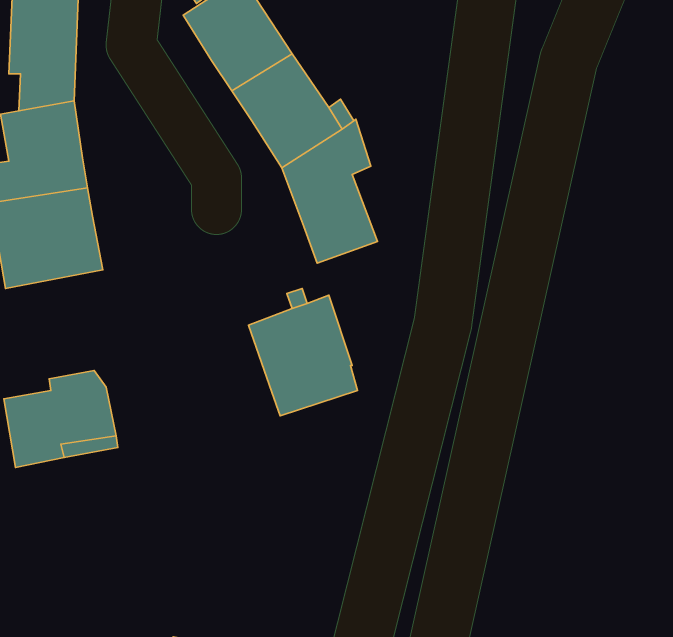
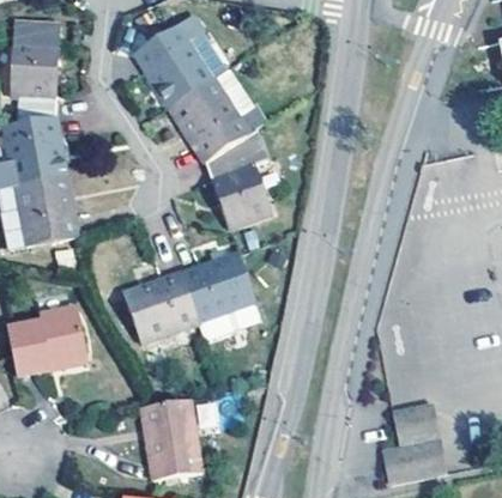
building: none -> [122,273,198,342]
building: none -> [139,397,201,479]
building: none -> [386,407,446,482]

